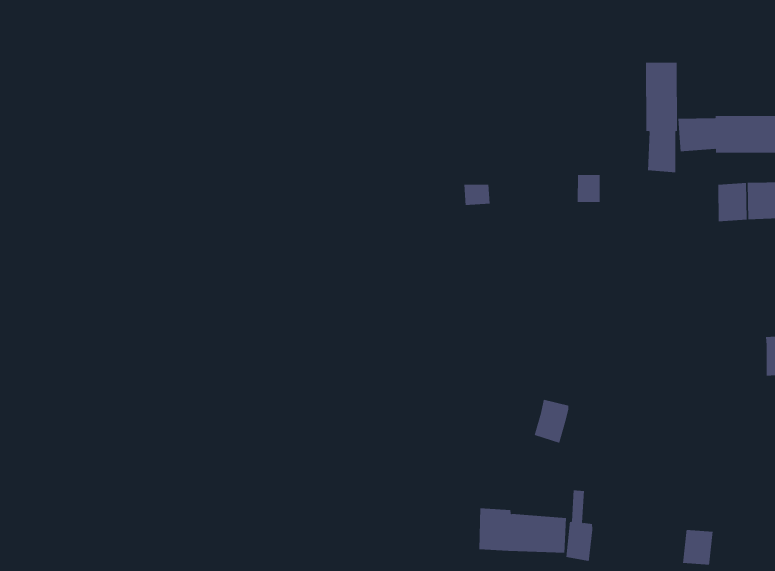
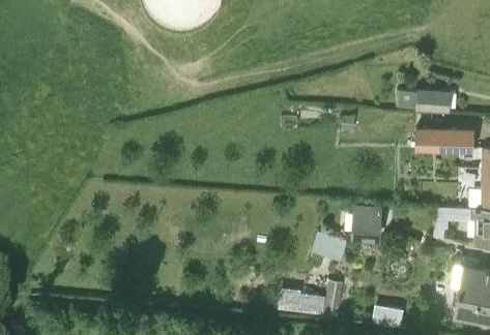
building: [645,62,678,173] -> none
building: none -> [353,208,380,238]

